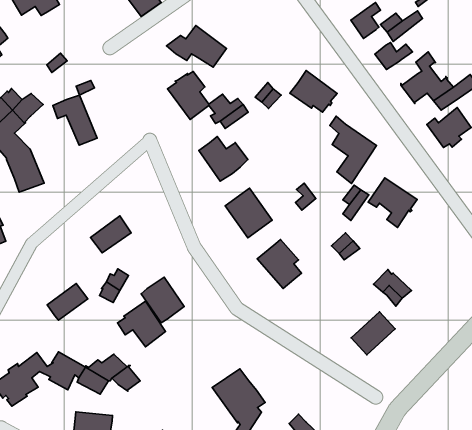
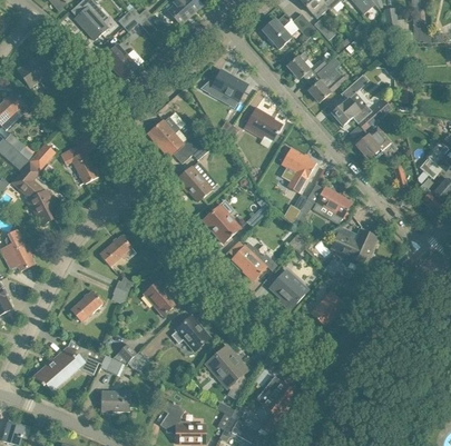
building: [167,26,226,67] -> [199,69,246,100]
building: none -> [332,228,376,264]
building: none -> [268,268,303,307]
building: [118,301,165,347] -> [170,315,208,350]

